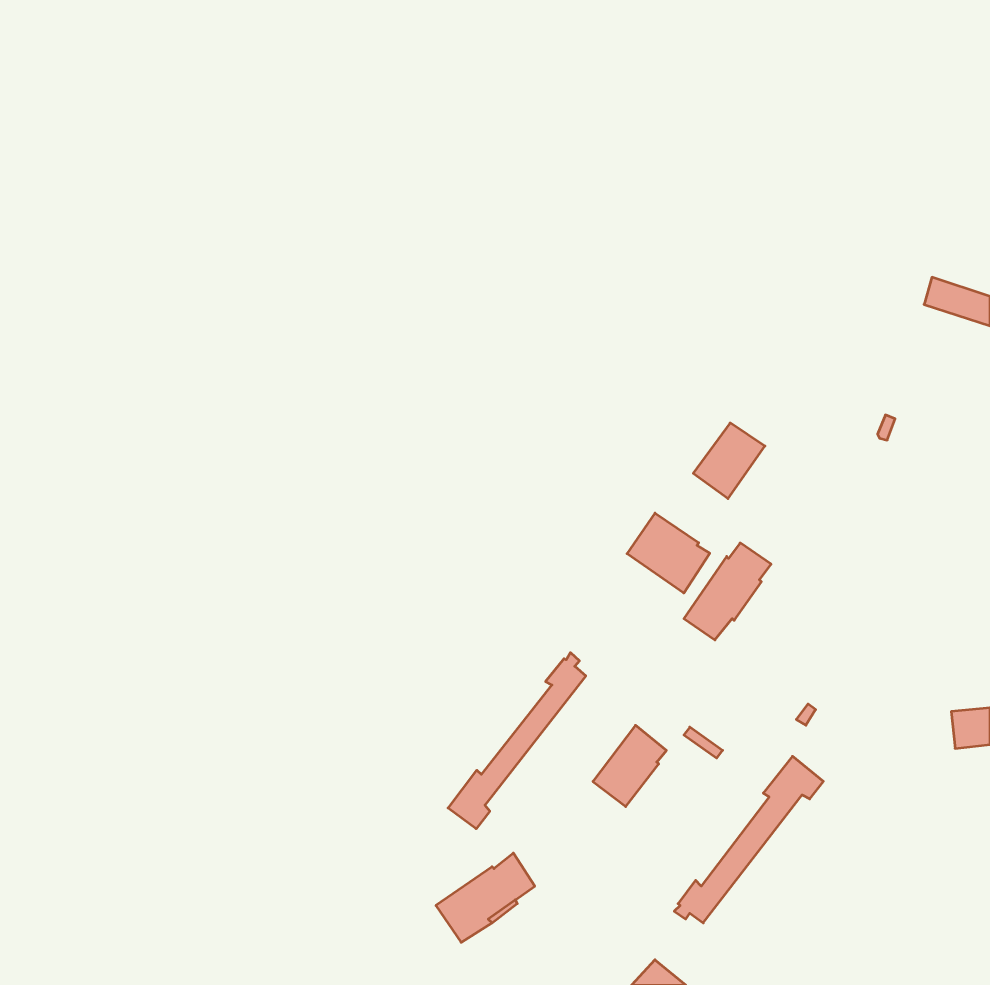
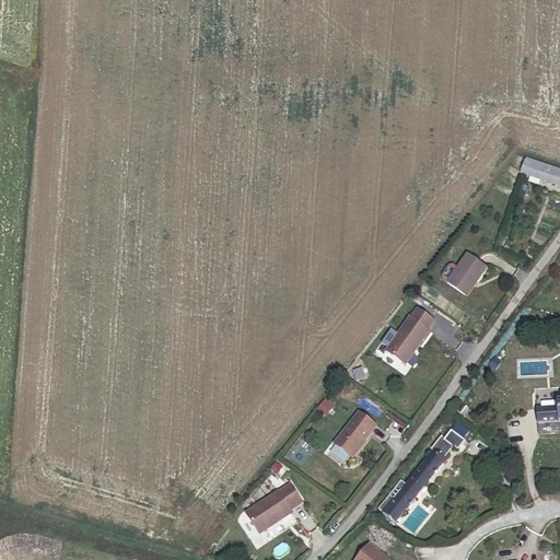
building: [693,423,765,499] -> [447,253,488,295]
building: [627,513,710,593] -> none
building: [448,653,586,829] -> none

